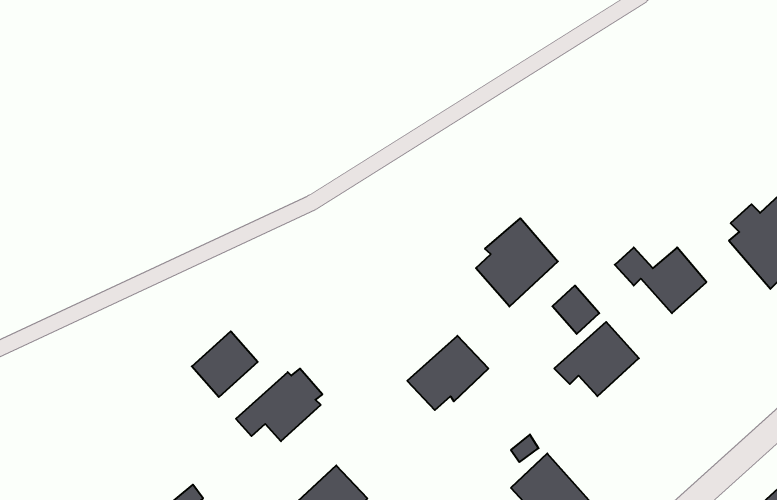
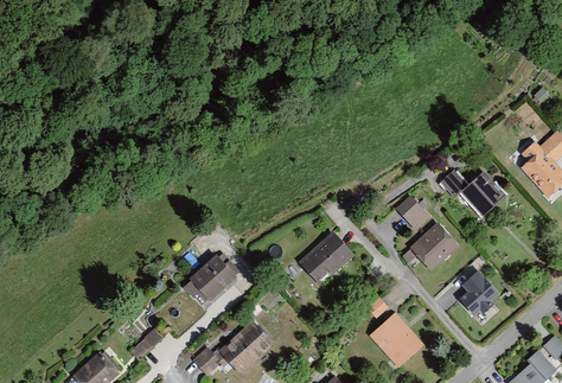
building: [476,218,558,307] -> none
building: [192,331,258,397] -> none
building: none -> [462,269,502,313]

